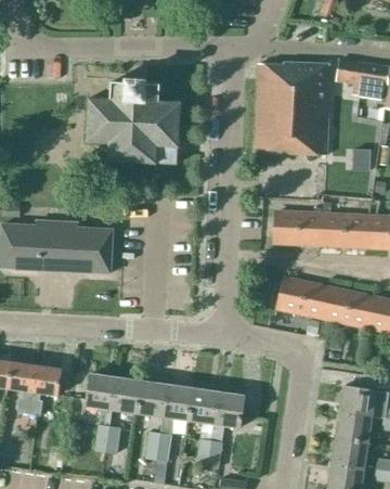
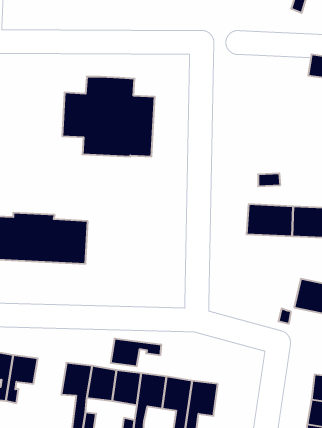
building: [253,62,330,154] -> none
building: [277,278,329,317] -> none
building: none -> [111,338,161,366]

